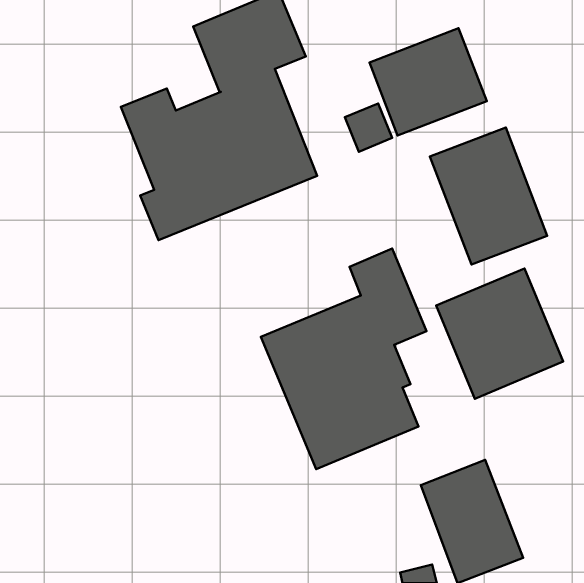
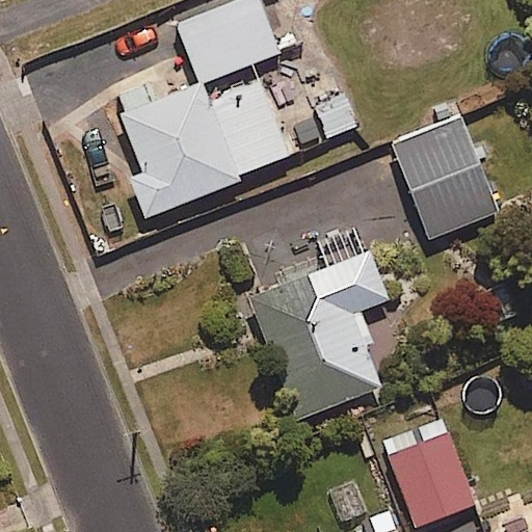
building: [369,28,487,135] -> none
building: [436,268,563,399] -> none

